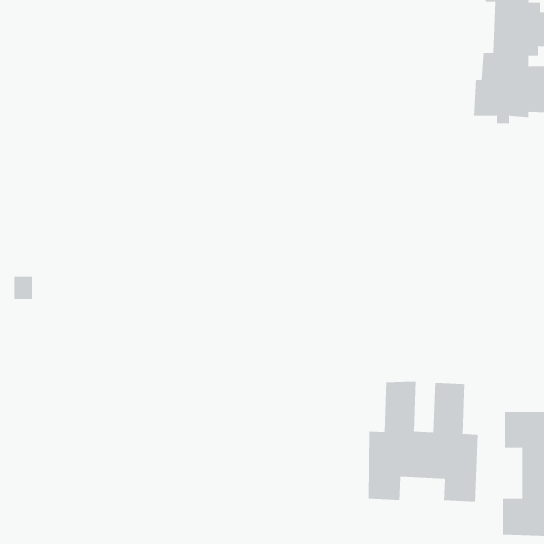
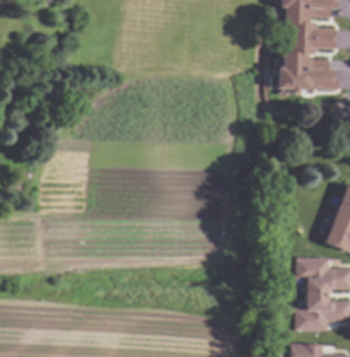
building: [368,381,478,503] -> none

